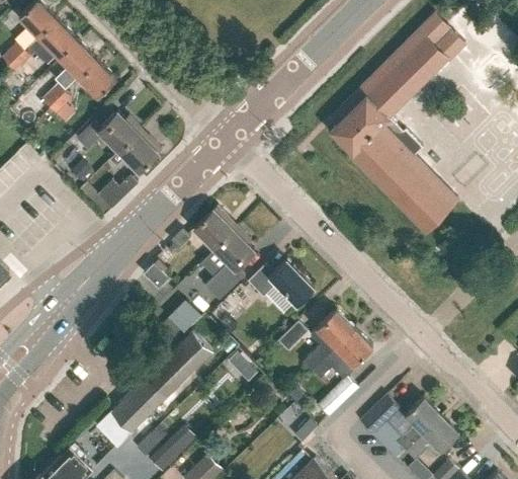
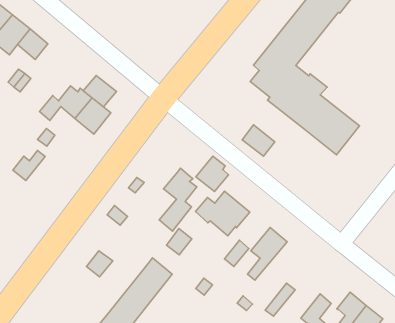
building: [78,60,114,96] -> none
building: none -> [83,75,116,107]
building: [96,175,137,210] -> [13,151,45,181]
building: none -> [242,125,275,156]
building: [193,207,233,249] -> [196,156,229,192]
building: [168,302,200,333] -> [86,251,113,277]
building: [311,329,372,380] -> none

